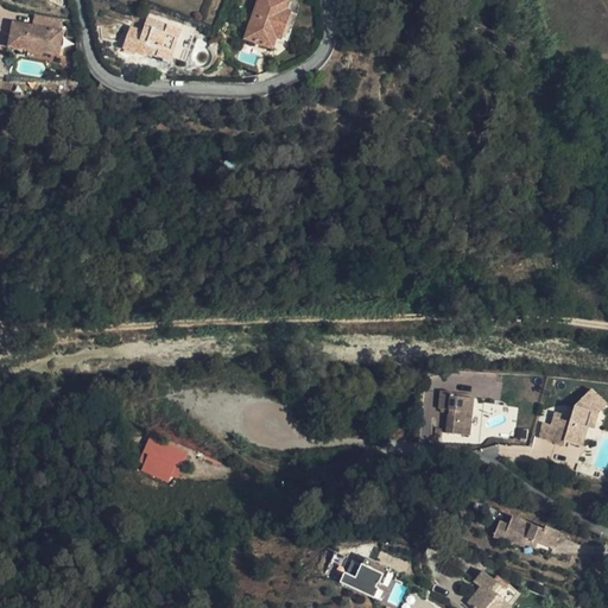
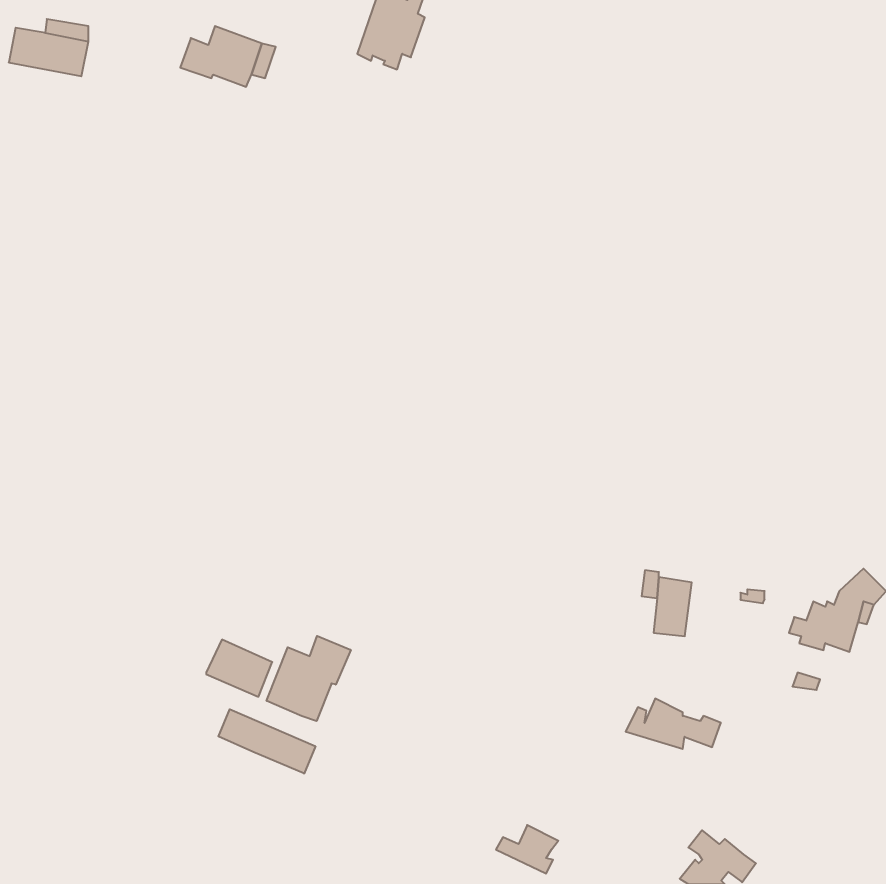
building: none -> [267,636,351,721]
building: none -> [218,709,315,774]
building: [493,515,558,550] -> [626,699,721,749]

